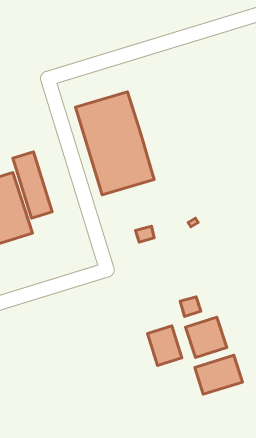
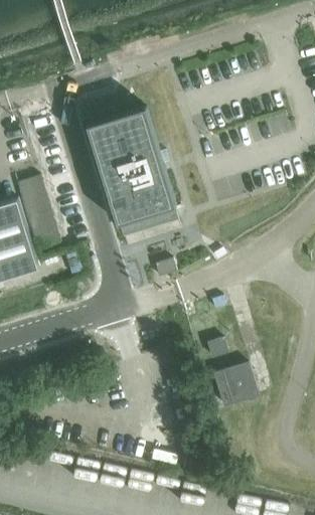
building: [148,326,182,366] -> none
building: [195,355,242,394] -> none

